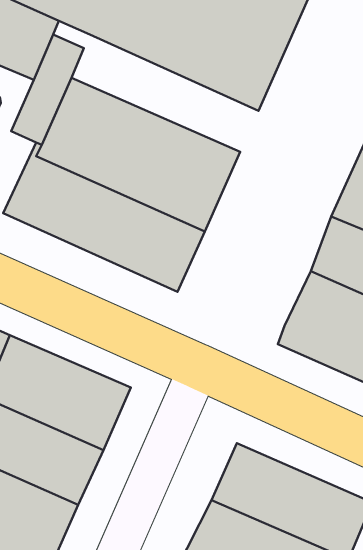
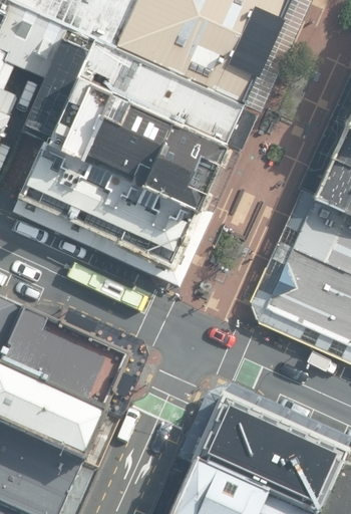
building: none -> [77,43,242,147]

